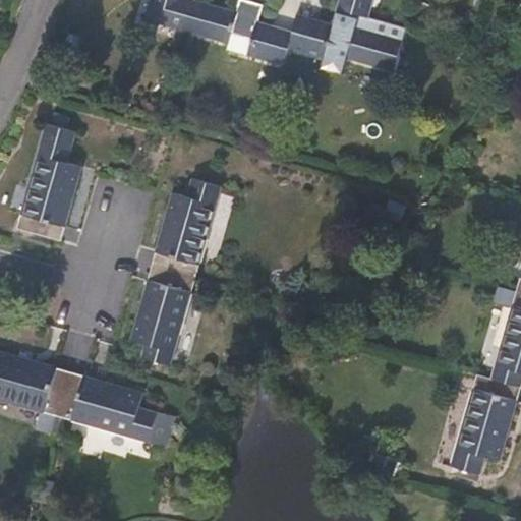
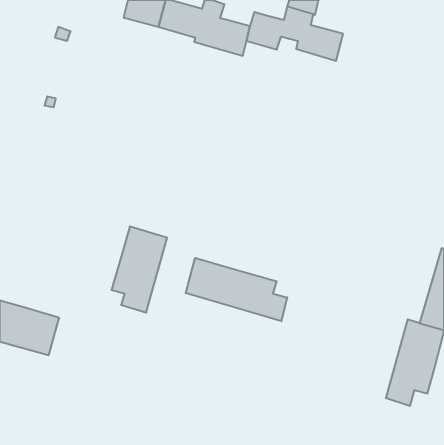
building: [16,124,81,240] -> none
building: [152,179,221,278] -> none
building: none -> [186,258,287,321]
building: [53,371,175,447] -> none

